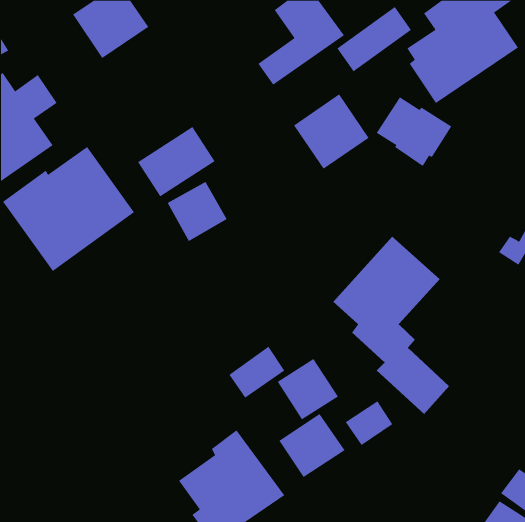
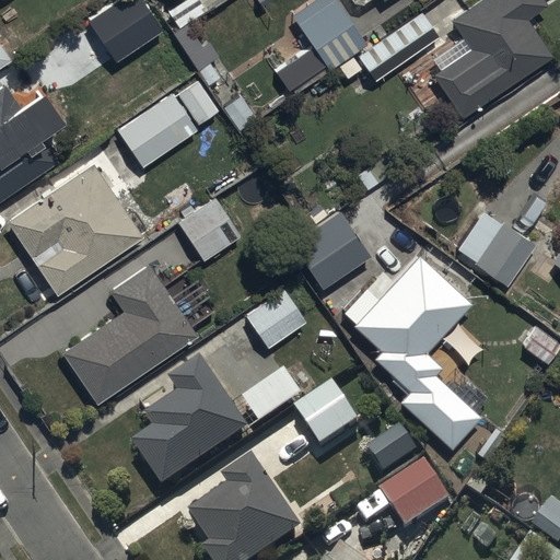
building: [293,93,369,170] -> [290,208,371,289]
building: [376,97,452,167] -> [456,211,537,285]
building: [137,126,215,197] -> [117,92,200,167]
building: none -> [63,259,199,401]
building: none -> [245,288,306,348]
building: none -> [133,360,252,491]
building: [279,413,345,478] -> [382,465,453,534]

